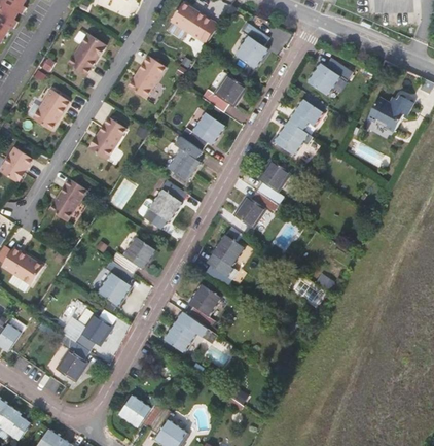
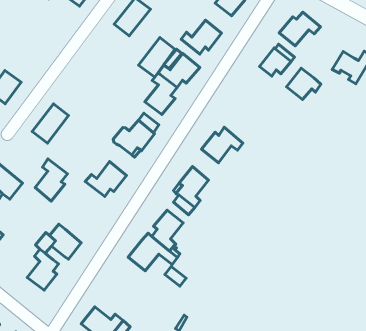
building: [33,87,71,128] -> none
building: [87,116,125,160] -> [139,38,175,77]
building: [275,119,312,153] -> [286,68,321,100]
building: [256,160,290,204] -> none
building: [99,260,133,305] -> [35,159,68,201]

